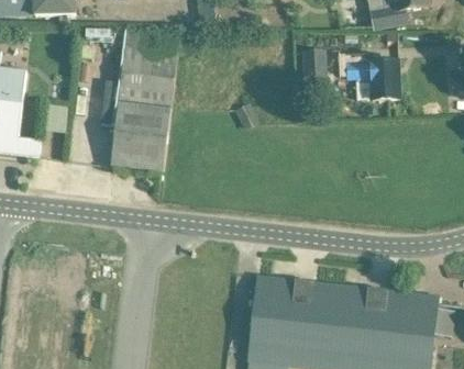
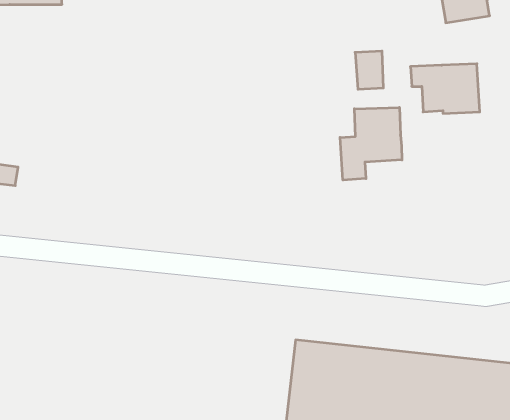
building: [110,27,179,170] -> none
building: none -> [340,107,402,180]

